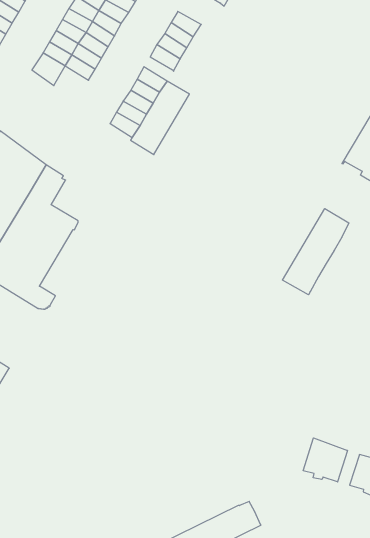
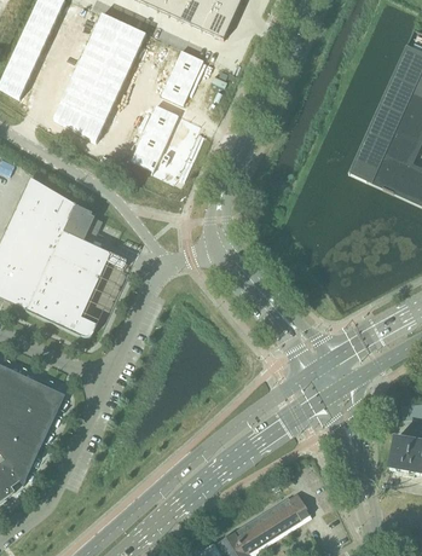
building: none -> [75,110,106,141]
building: [282,209,349,295] -> none
building: [303,438,347,482] -> none

